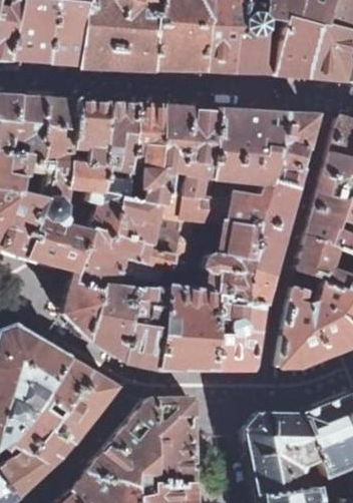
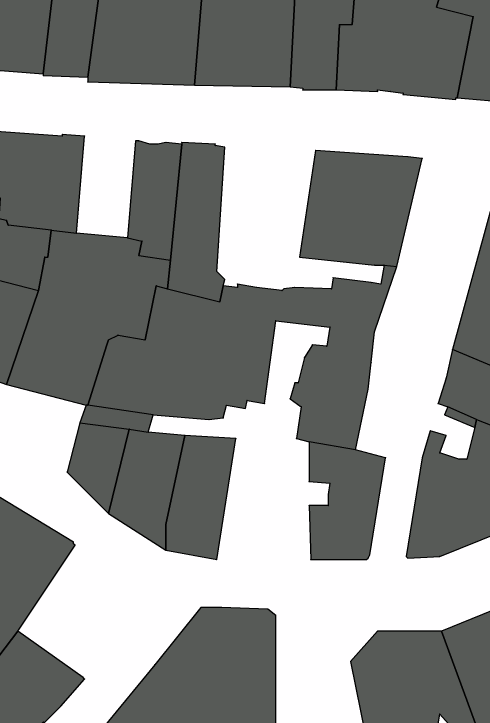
building: [70,101,107,165] -> none
building: [158,108,221,198] -> none
building: [246,115,316,304] -> none
building: [158,287,218,368] -> none
building: [33,359,117,442] -> none

